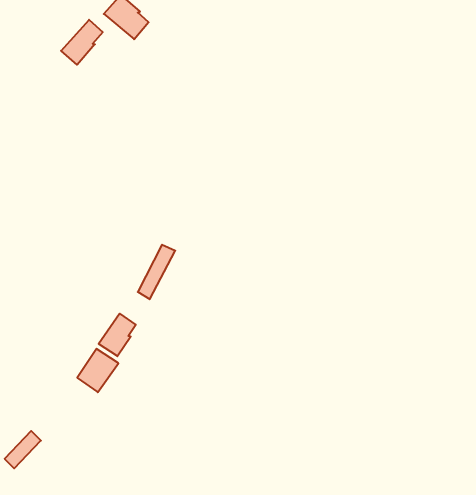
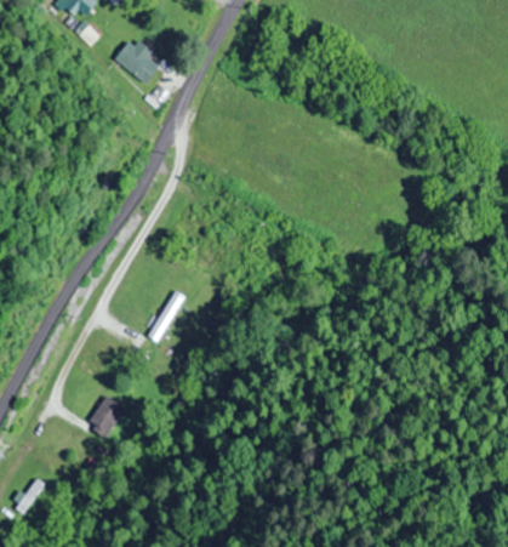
building: [61,20,103,65] -> none
building: [99,314,136,356] -> none

